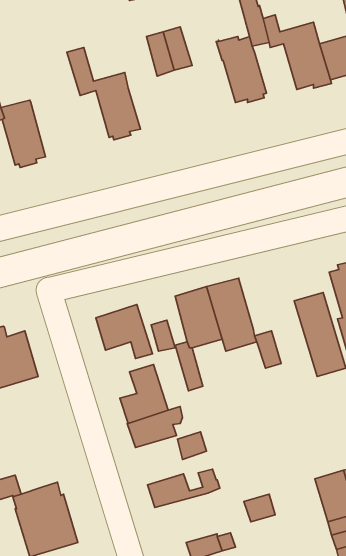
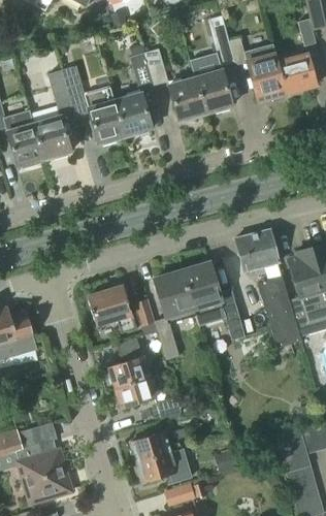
building: none -> [31,69,73,159]
building: none -> [169,76,206,122]
building: none -> [115,92,152,135]
building: none -> [234,229,278,272]
building: none -> [18,422,56,449]
building: none -> [137,448,191,483]

